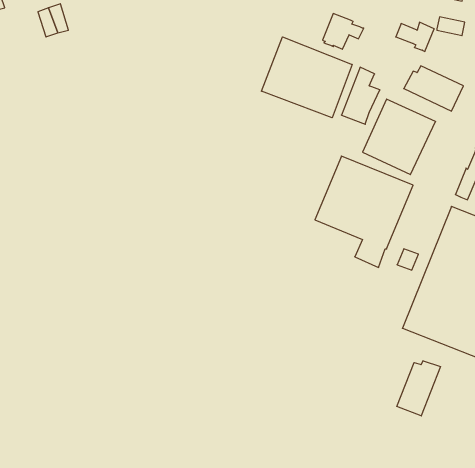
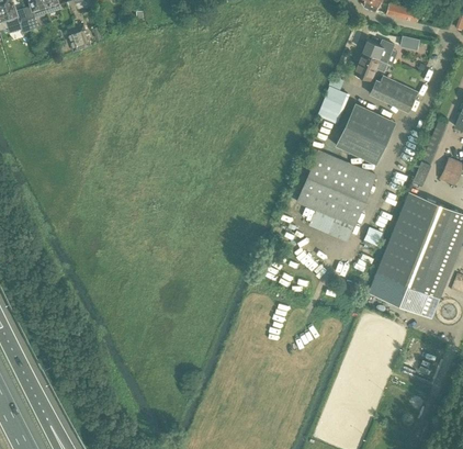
building: [323,14,364,49] -> [353,52,387,81]
building: [261,37,352,118] -> none
building: [397,361,440,416] -> none

